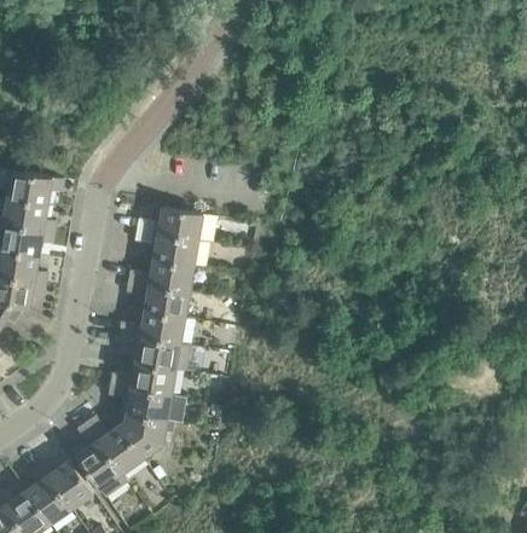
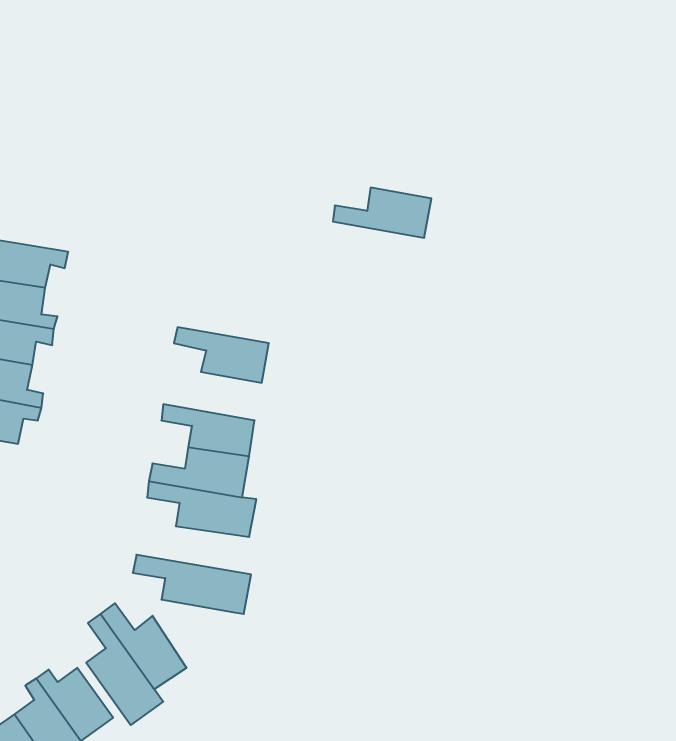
building: [137,208,203,242] -> [333,188,431,238]
building: [127,261,193,294] -> none
building: [109,365,190,398] -> none
building: [120,415,174,460] -> none

